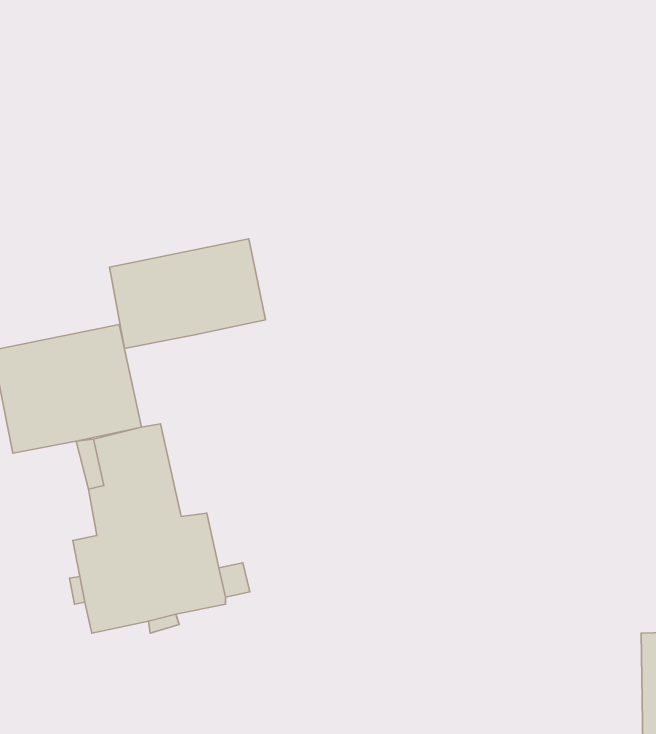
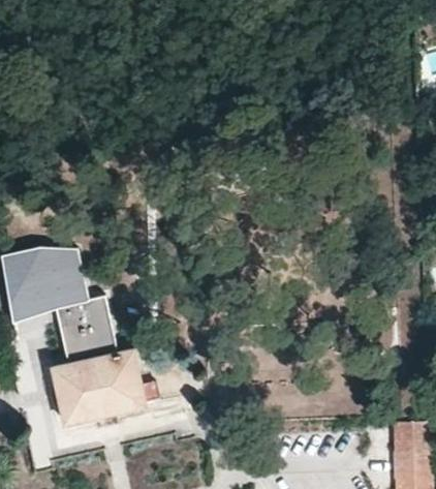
building: [110,239,265,349] -> none

